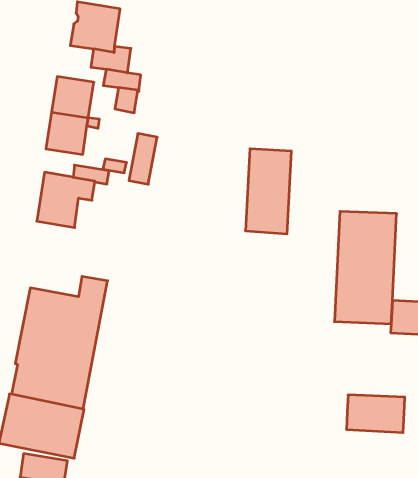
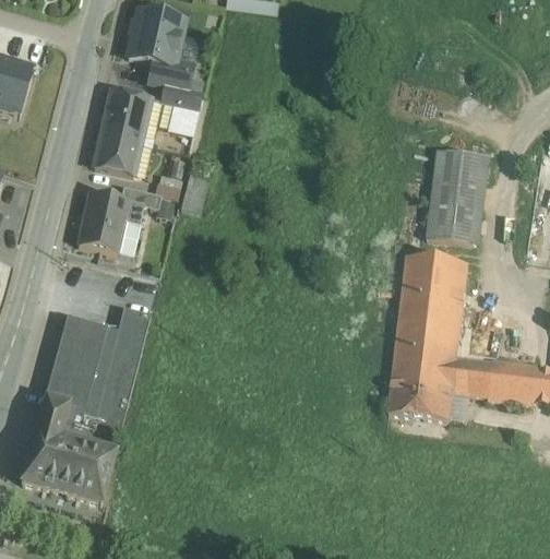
building: [245,149,291,234] -> [427,148,482,243]
building: [346,395,405,433] -> [388,373,454,418]

